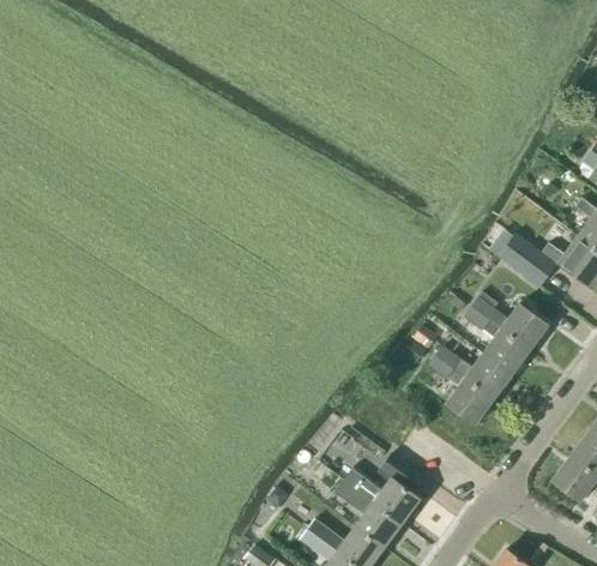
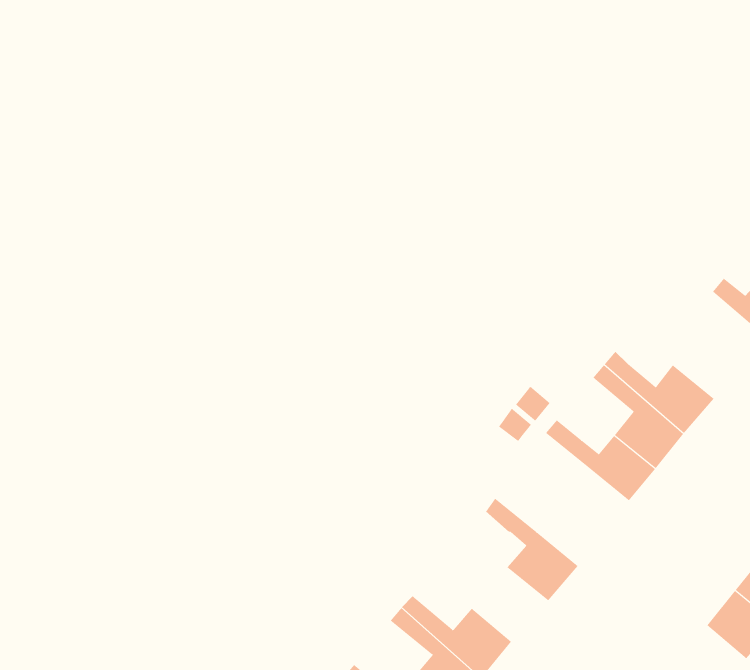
building: [499,236,555,287] -> none
building: [429,355,495,423] -> [485,498,579,601]

